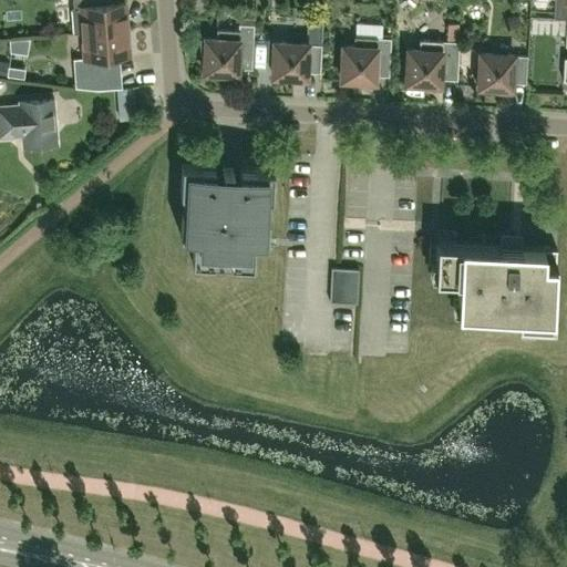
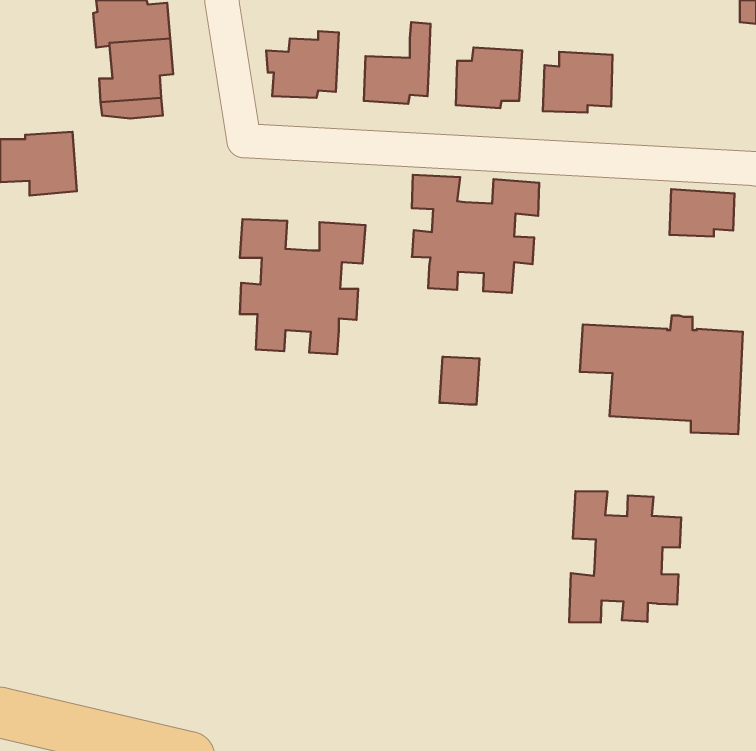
building: [478,56,527,92] -> [670,189,735,236]
building: none -> [412,175,539,293]
building: none -> [569,491,681,623]

